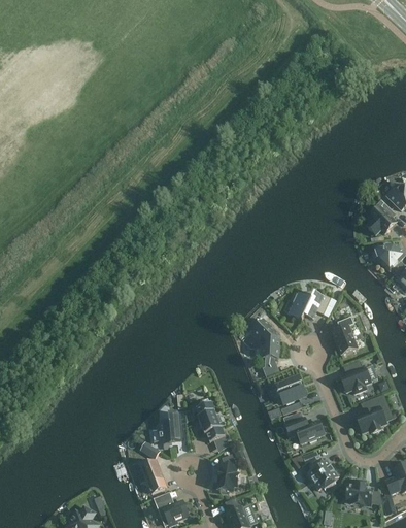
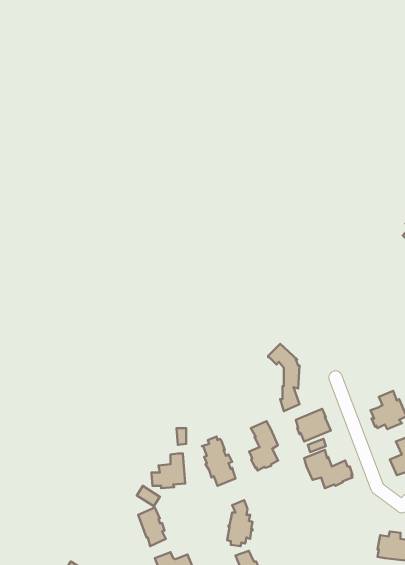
building: [290,292,331,319] -> none
building: [333,317,358,354] -> none
building: none -> [249,421,278,470]
building: [303,451,338,490] -> none

